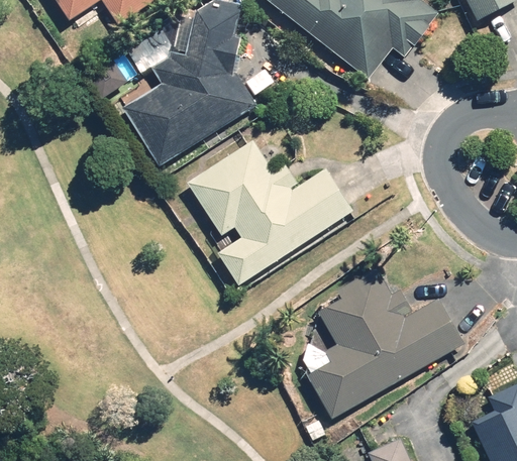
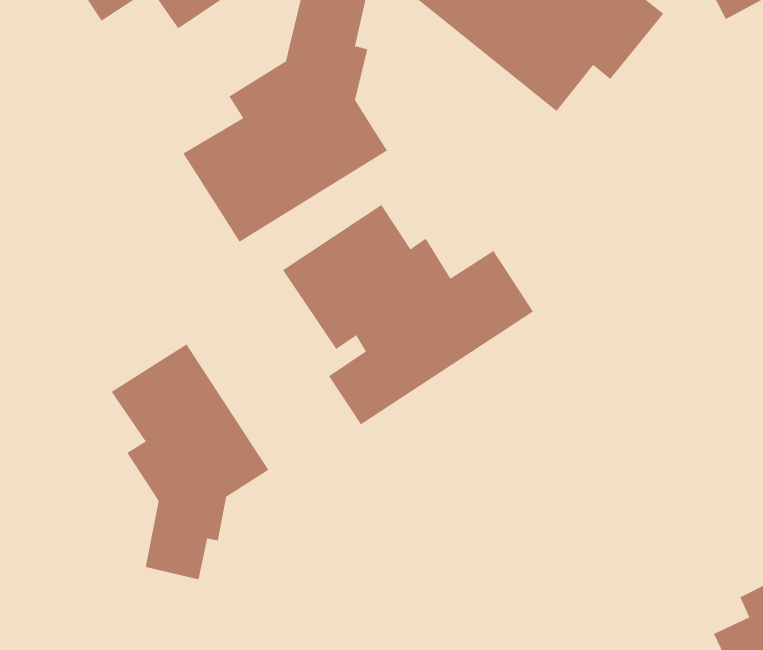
building: none -> [111,344,269,580]
building: [307,268,462,418] -> none

